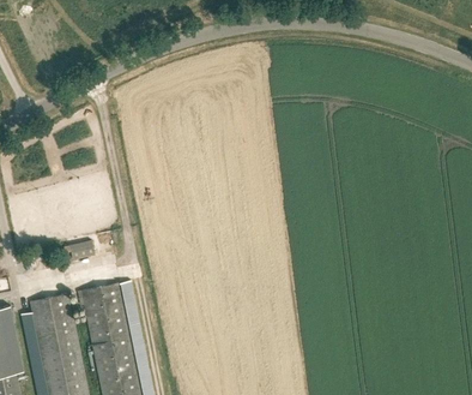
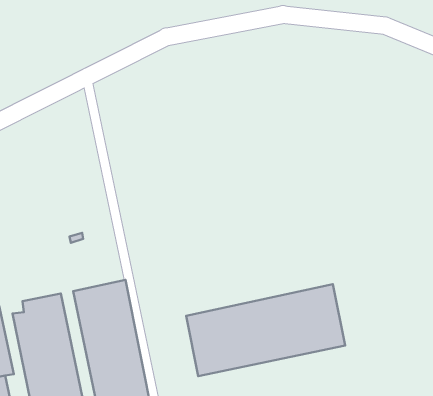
building: none -> [186,284,345,376]

